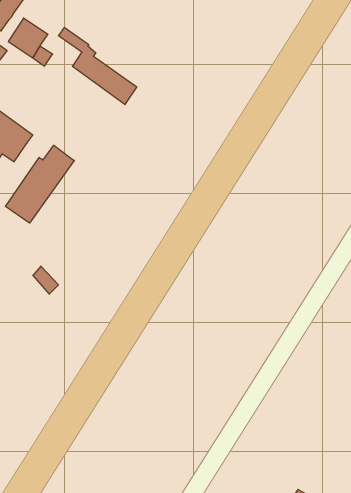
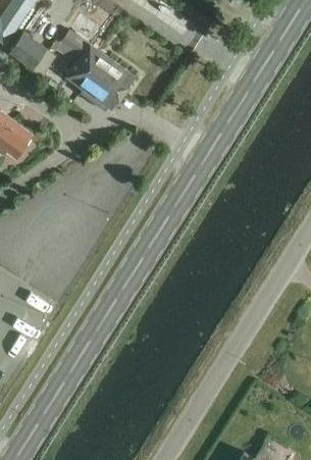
building: none -> [60,29,136,93]
building: [5,145,74,223] -> none

